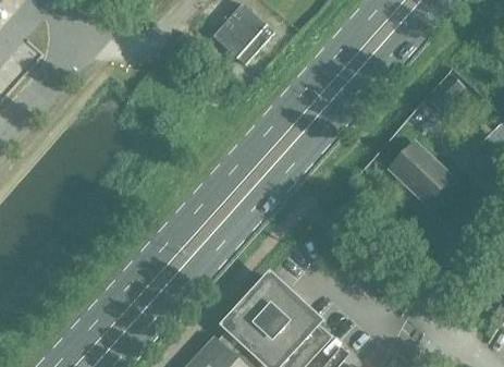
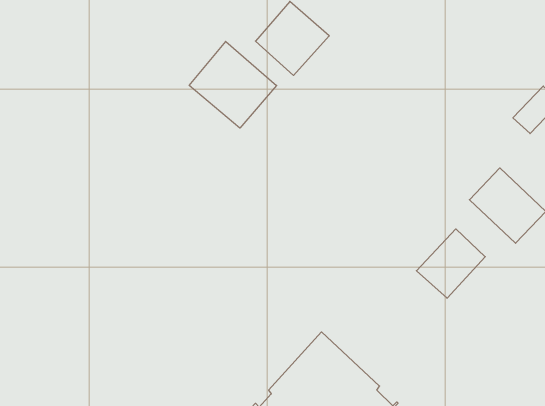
building: none -> [189,41,277,128]
building: none -> [416,229,485,298]

